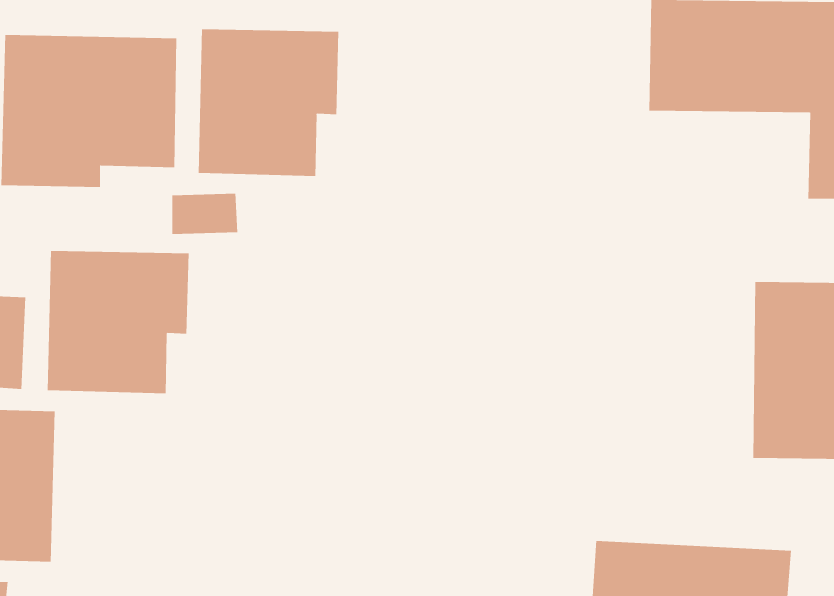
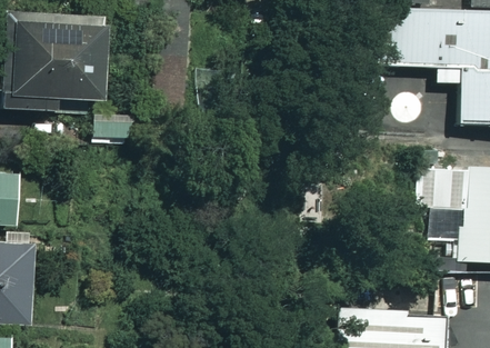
building: [198,28,339,177] -> none
building: [47,250,189,394] -> none

